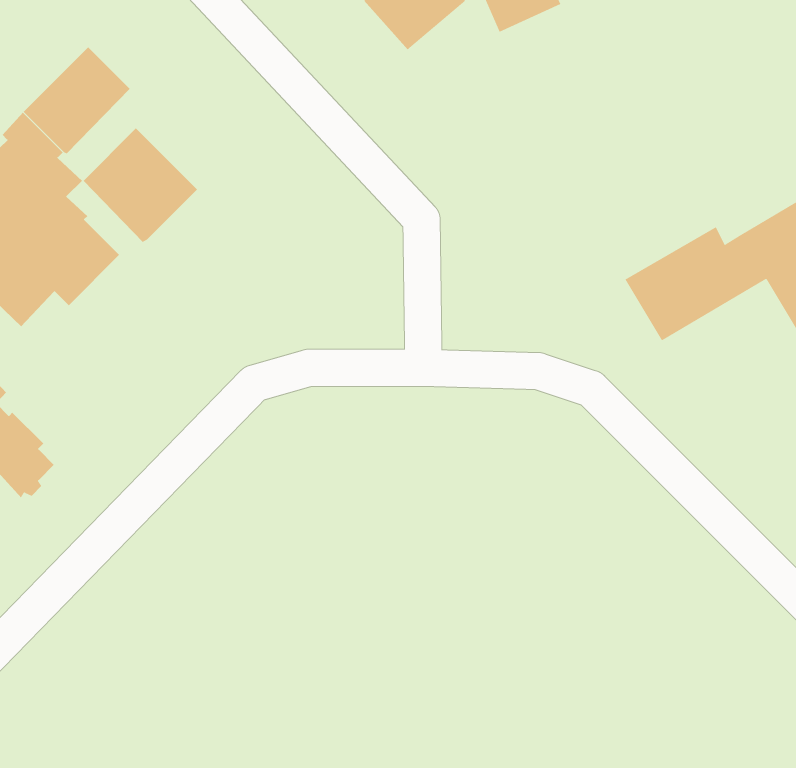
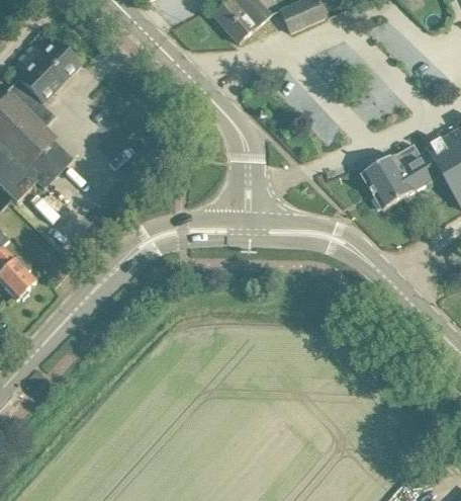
building: [83,128,198,243] -> none

